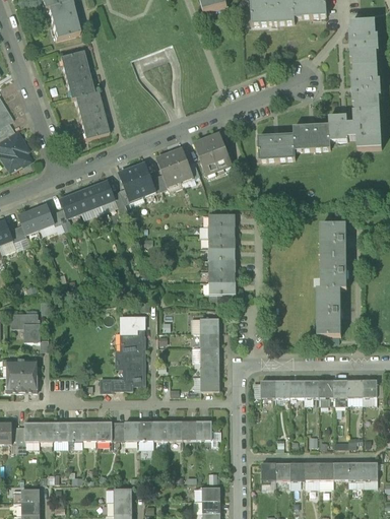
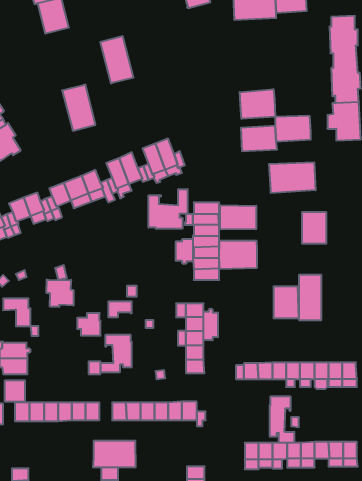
building: [59,50,93,99] -> [100,36,134,83]
building: none -> [240,89,275,119]
building: [328,114,347,140] -> none
building: [192,132,231,174] -> none
building: none -> [269,162,316,193]
building: none -> [149,189,188,229]
building: none -> [220,205,256,229]
building: none -> [176,239,193,264]
building: none -> [219,241,257,269]
building: [320,256,346,288] -> [273,287,299,318]
building: none -> [47,279,73,307]
building: none -> [204,309,218,340]
building: [120,327,144,350] -> [77,313,101,336]
building: none -> [5,380,25,402]
building: none -> [270,396,294,443]
building: none -> [93,441,136,467]

